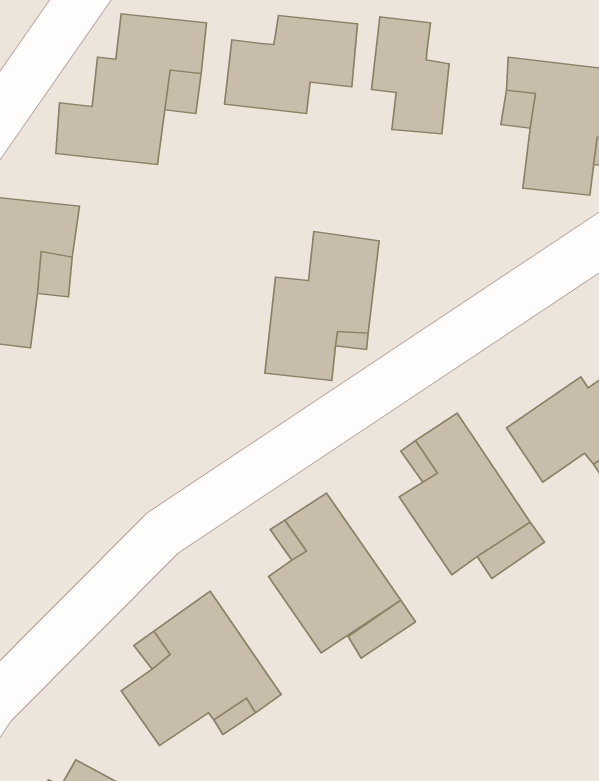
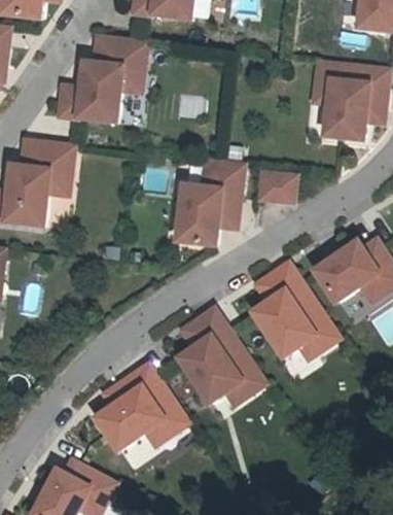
building: [224,15,358,113] -> none
building: [372,17,449,134] -> none
building: none -> [259,172,297,203]

